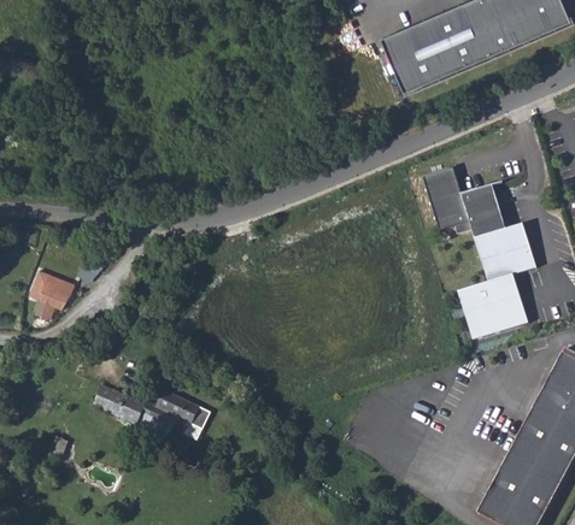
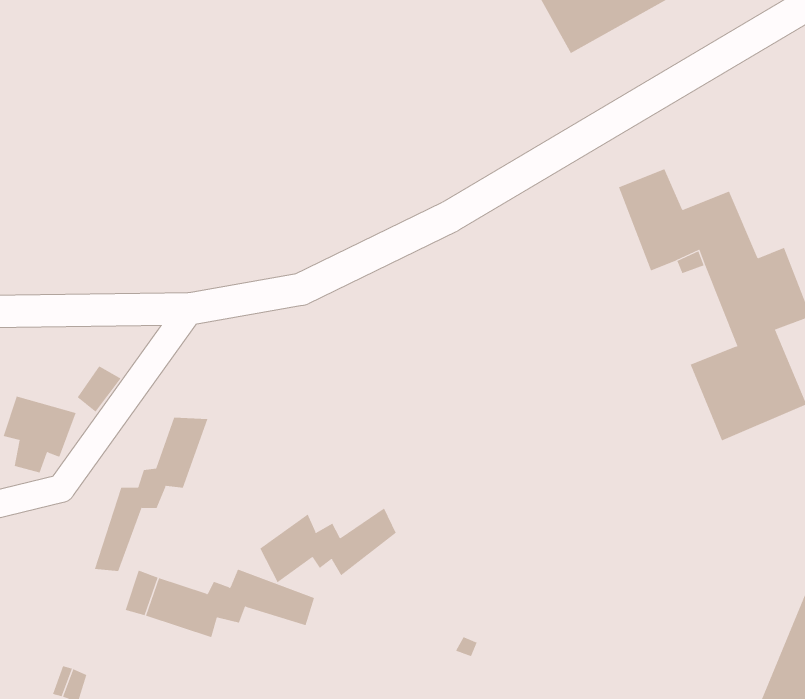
building: none -> [94,417,208,572]
building: none -> [259,507,396,583]

